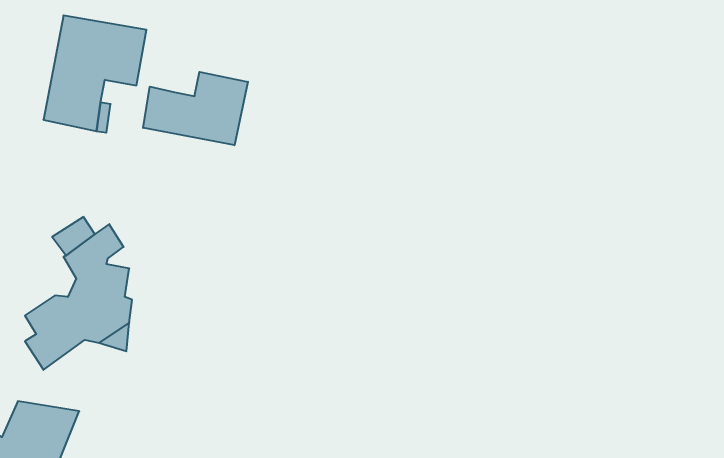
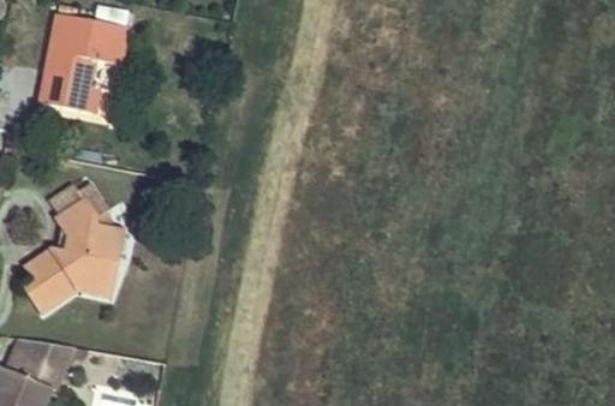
building: [143,72,248,145] -> none

